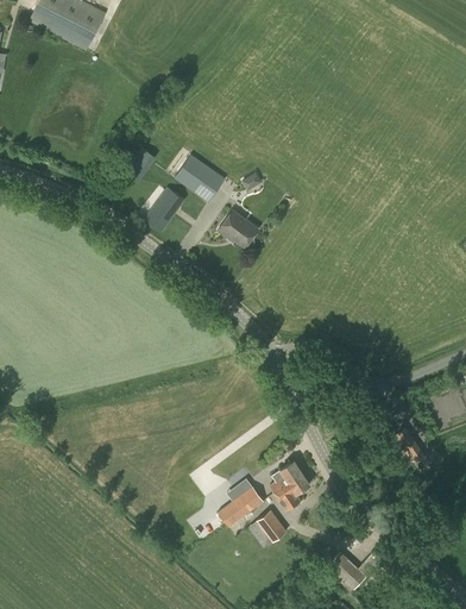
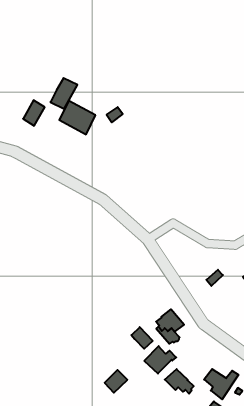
building: [144,187,184,230] -> [50,78,77,109]
building: [219,211,258,246] -> none
building: [218,495,250,526] -> [105,370,127,393]
building: none -> [165,369,194,394]

